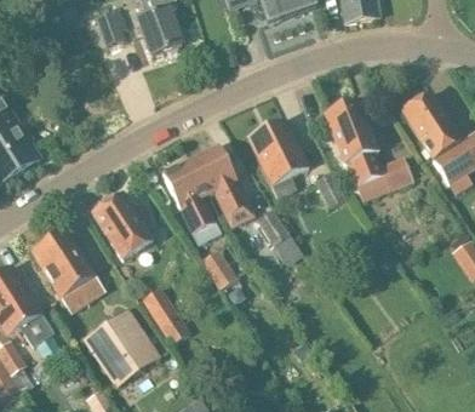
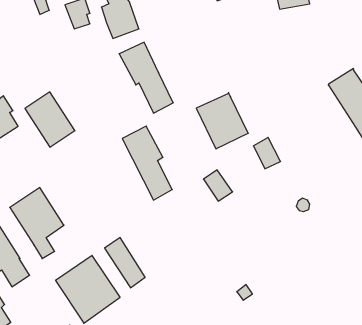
building: [322,101,413,189] -> none
building: [190,144,253,227] -> [119,42,173,113]
building: [93,194,151,258] -> [25,92,75,147]
building: [201,250,241,296] -> none

